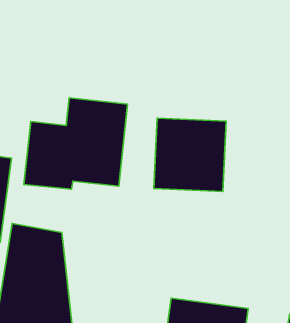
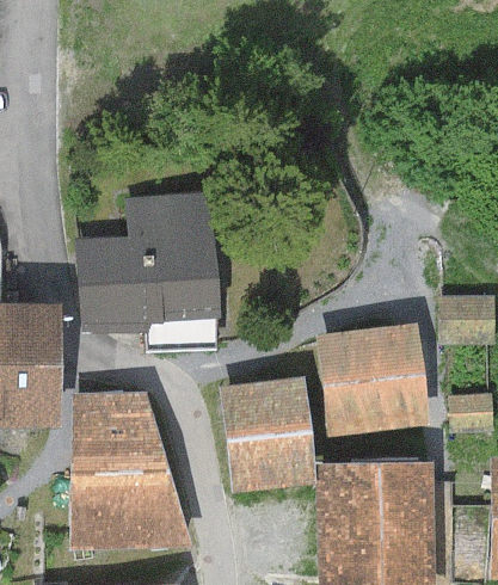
building: [154,118,226,191] -> [318,324,429,437]
building: none -> [220,376,316,491]

